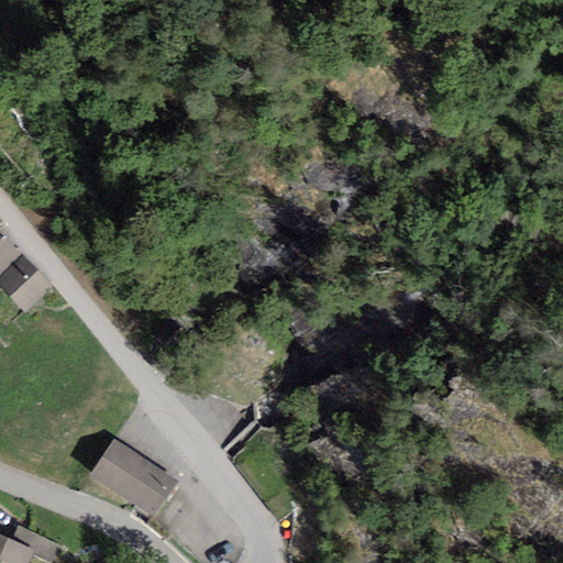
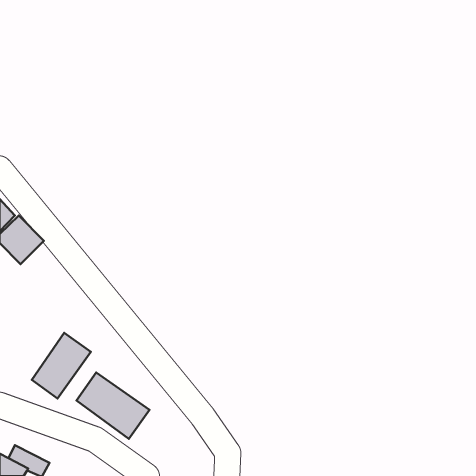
building: none -> [32,333,91,398]

